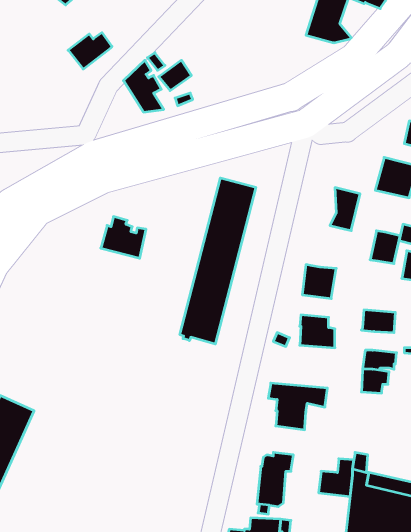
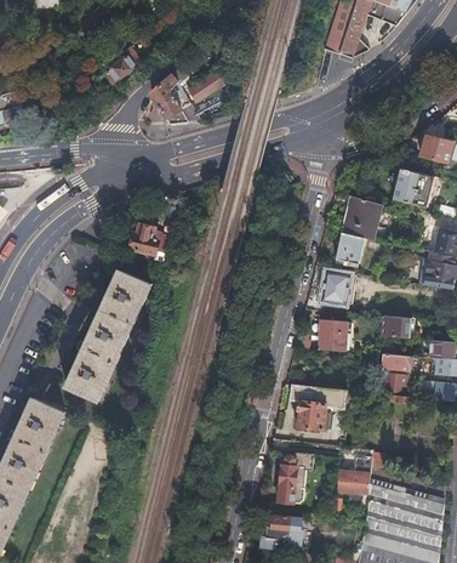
building: [180,178,256,344] -> none
building: [370,231,400,264] -> [335,232,364,263]
building: none -> [65,268,152,400]

